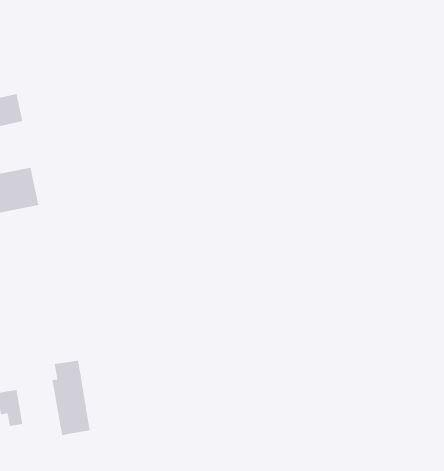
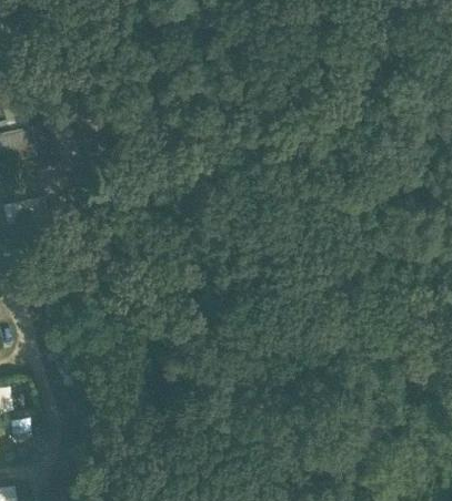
building: [52,360,90,436] -> none

